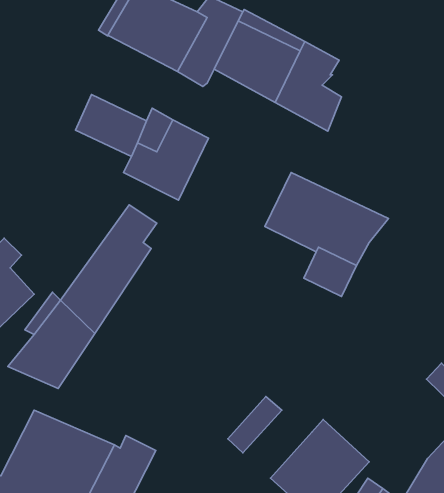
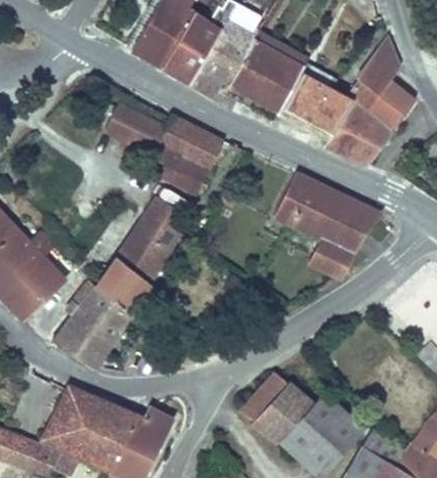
building: none -> [325,28,411,165]
building: none -> [251,382,316,446]

